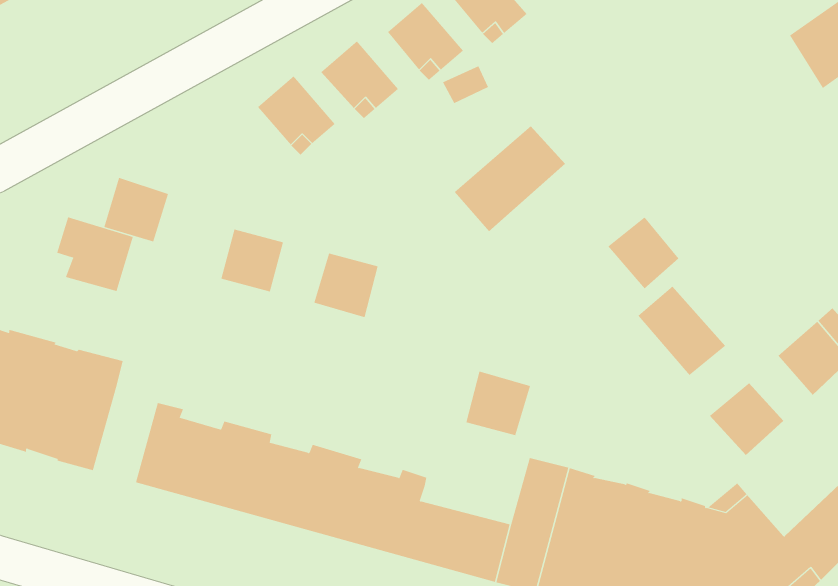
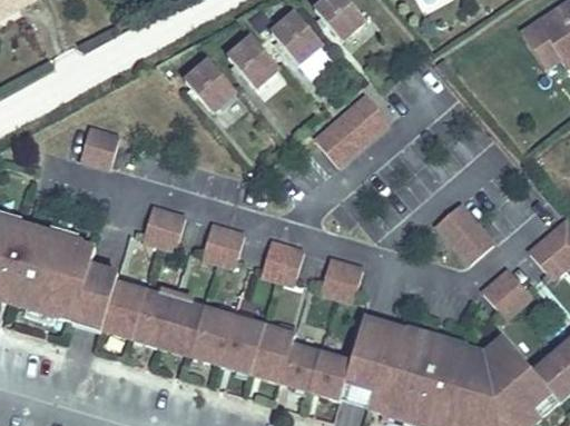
building: [57,216,134,292] -> none
building: [608,217,679,289] -> none
building: [221,229,284,292] -> [141,208,184,250]
building: [313,253,378,318] -> [200,224,244,267]
building: none -> [261,240,304,284]
building: none -> [71,267,114,330]

